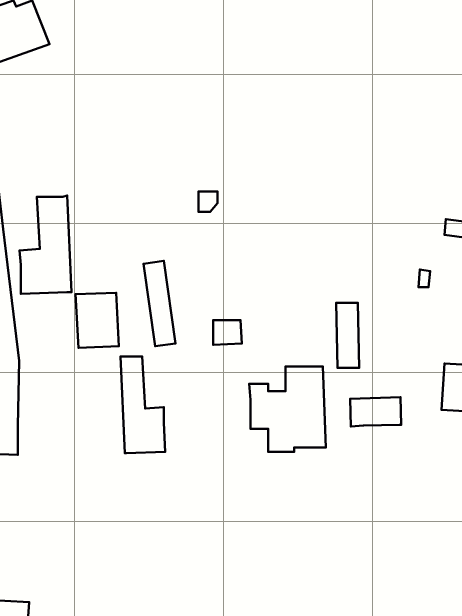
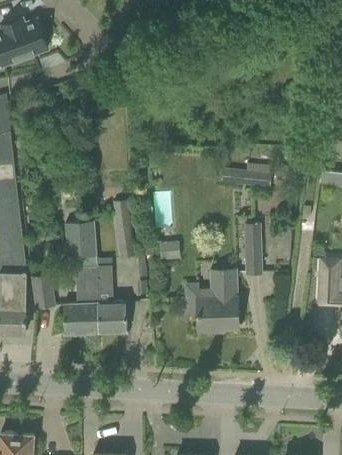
building: [20,195,72,294] -> [63,266,99,334]
building: none -> [220,164,270,187]
building: none -> [30,275,54,309]
building: [350,397,401,427] -> none

